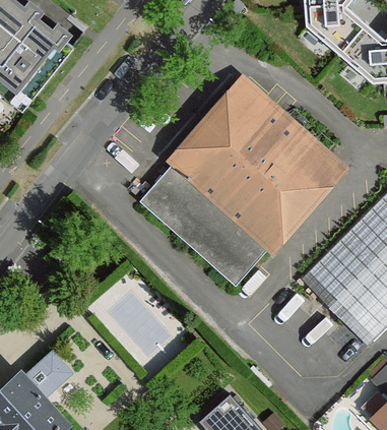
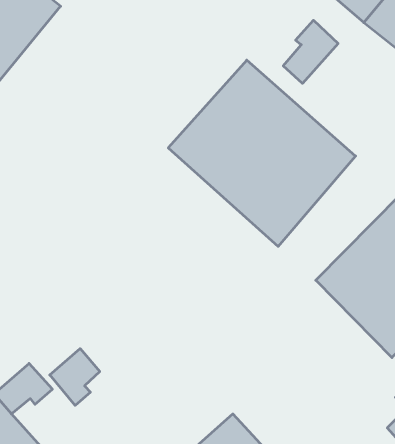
building: none -> [283,20,338,83]
building: [140,163,269,286] -> none
building: none -> [50,349,100,405]

